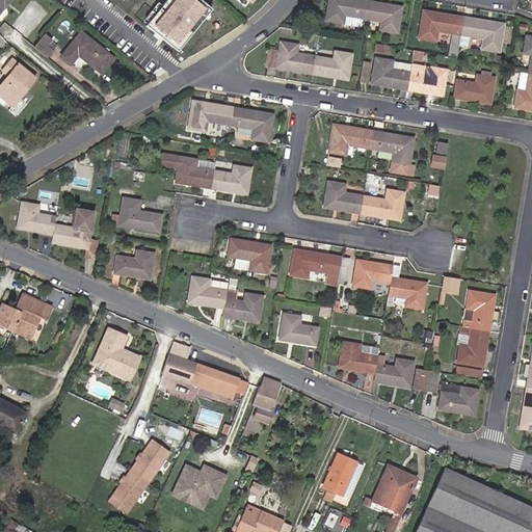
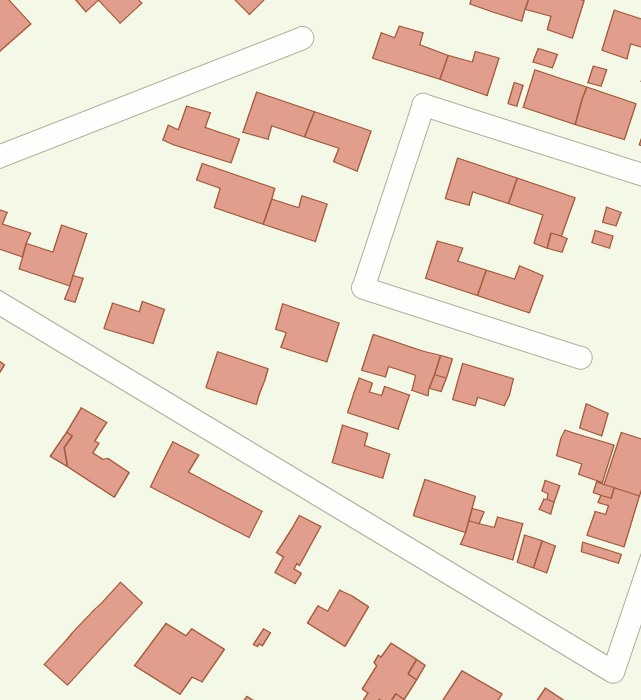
building: [111,197,162,231] -> [163,106,239,163]
building: [389,276,426,308] -> [556,430,614,483]
building: [223,290,263,320] -> [348,378,410,429]
building: [440,385,478,415] -> none
building: none -> [307,590,368,646]

